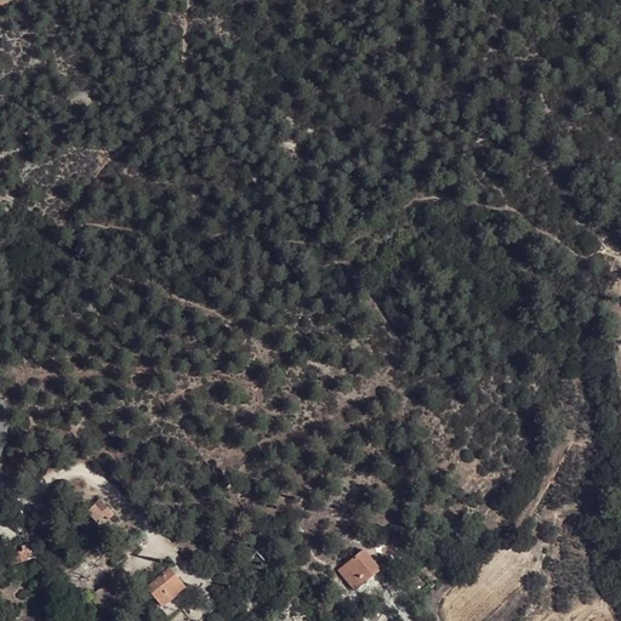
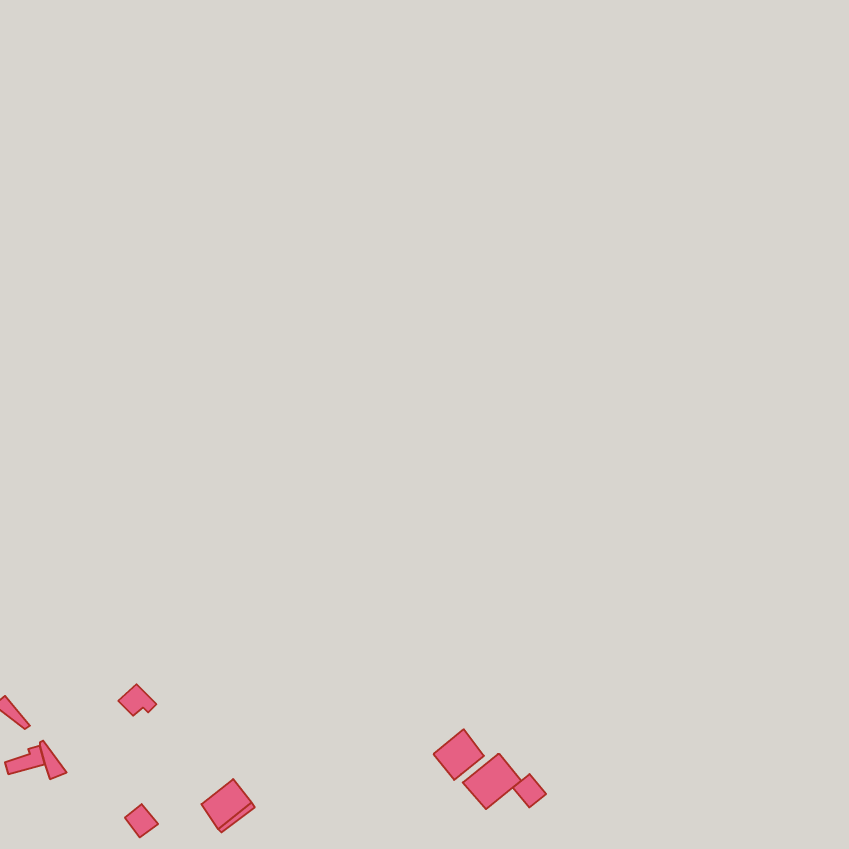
building: none -> [434,729,484,780]

